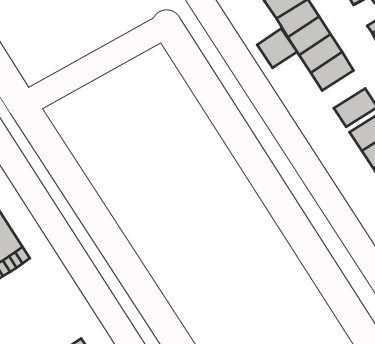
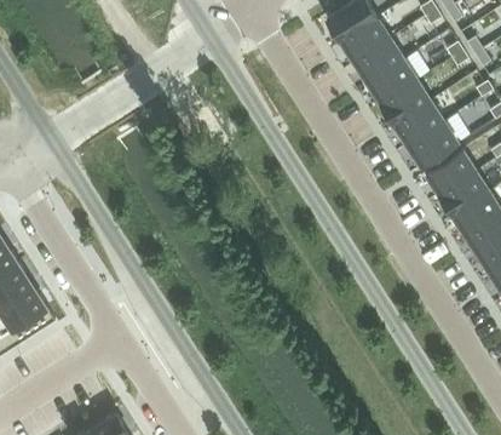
building: [257,29,297,68] -> none
building: none -> [393,101,443,144]

